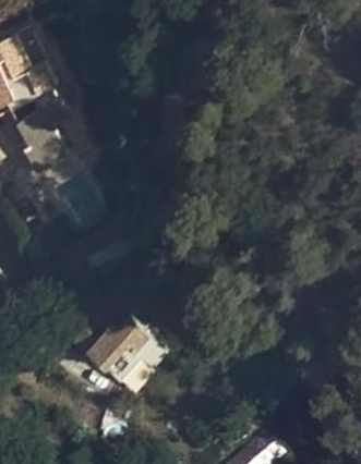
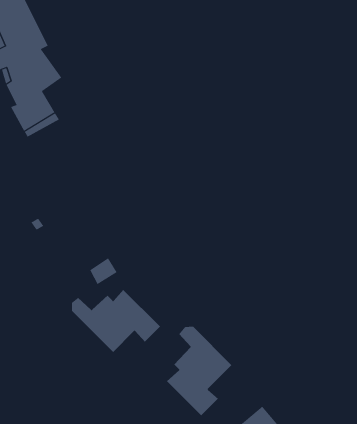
building: none -> [166,326,232,416]

